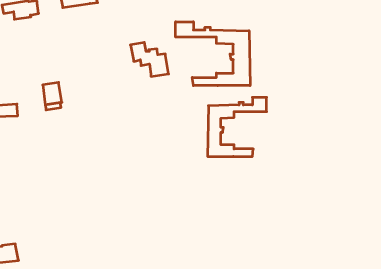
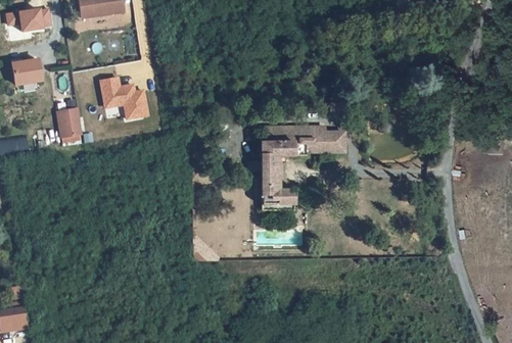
building: [176,22,250,86] -> none
building: none -> [13,59,42,85]
building: [130,42,169,76] -> [101,78,148,119]

